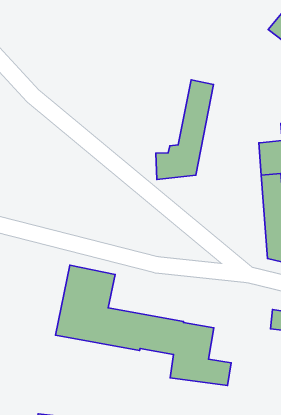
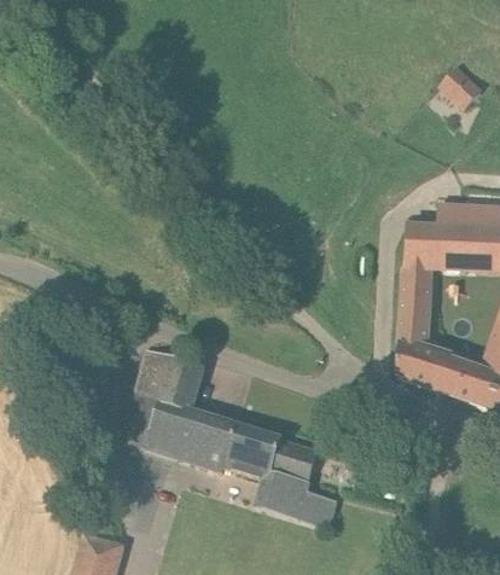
building: [156,80,214,179] -> none

